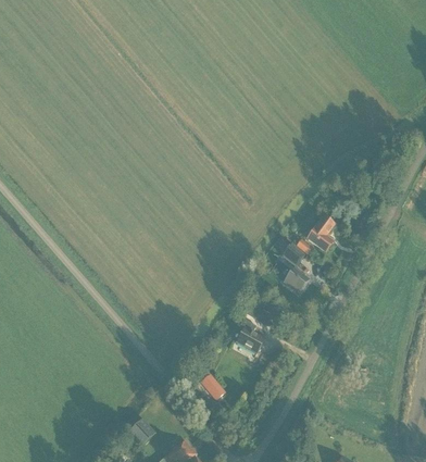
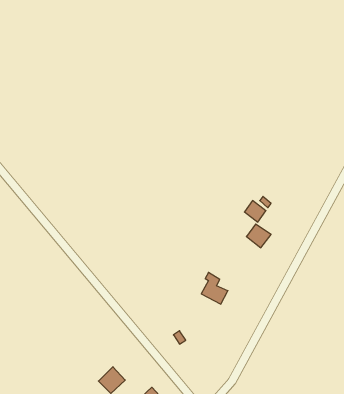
building: [306,217,333,252] -> none

